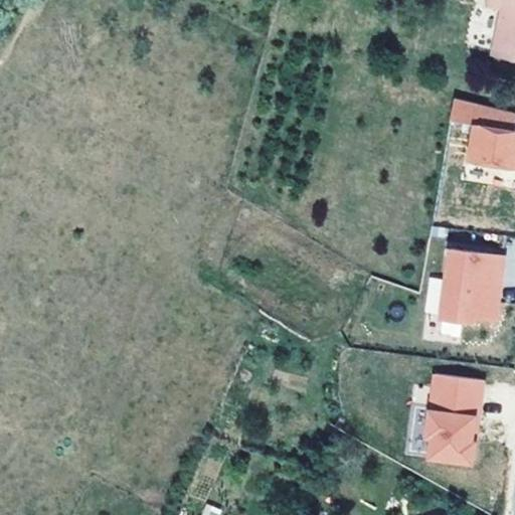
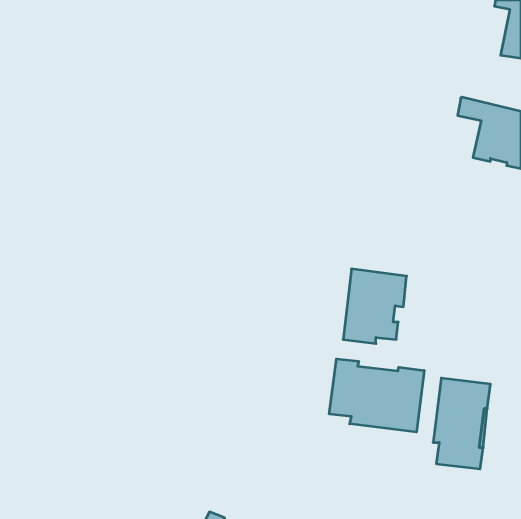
building: [443,250,505,324] -> [343,269,407,344]
building: none -> [329,359,424,432]

